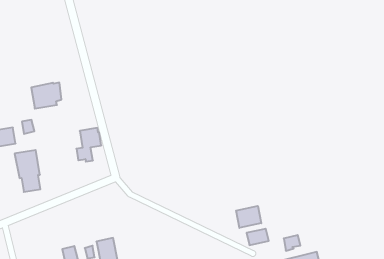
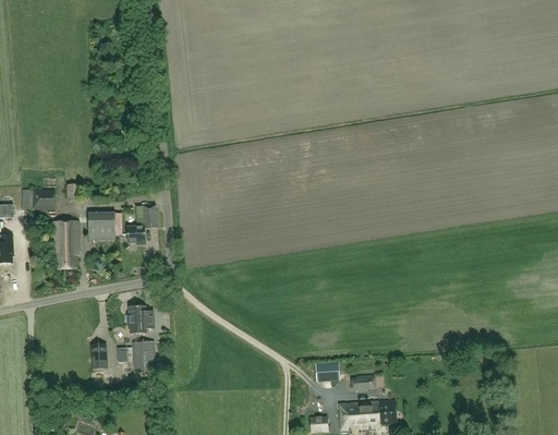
building: [31,83,61,109] -> [88,212,123,239]
building: [236,206,261,228] -> none
building: none -> [128,305,155,334]

